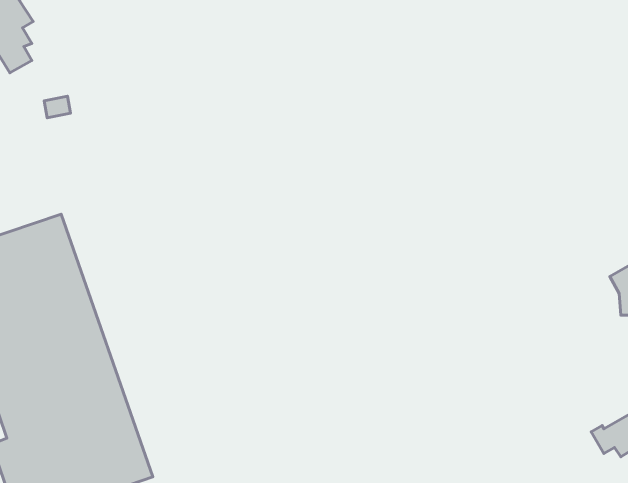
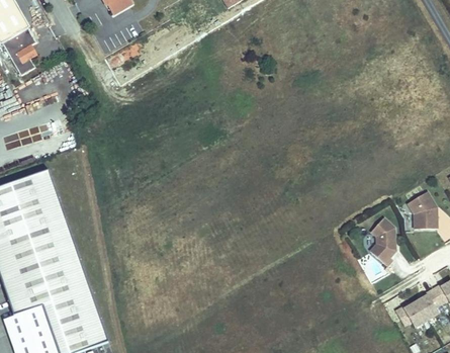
building: none -> [372,222,397,269]

